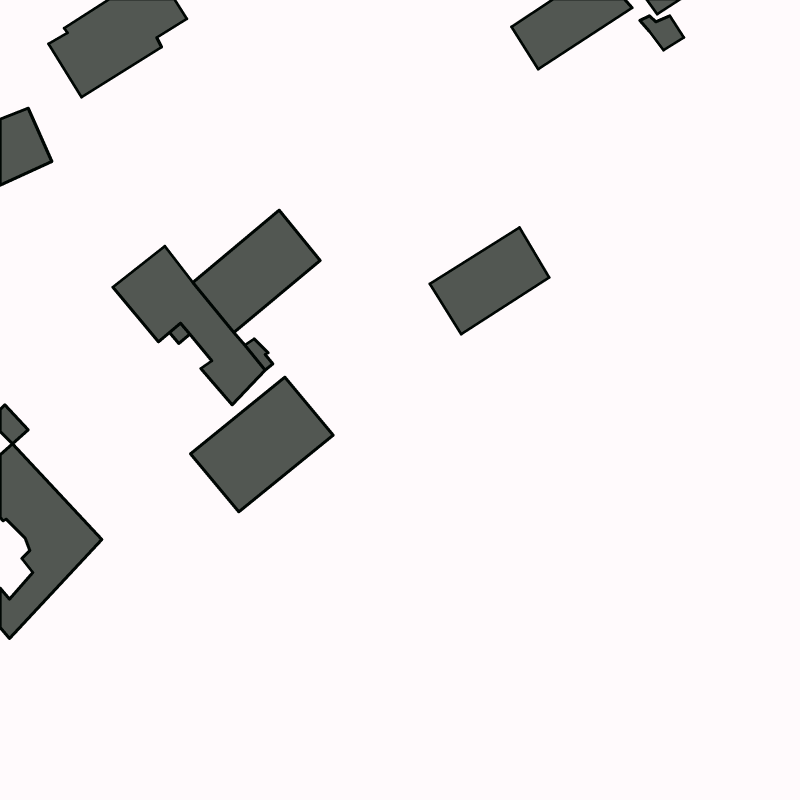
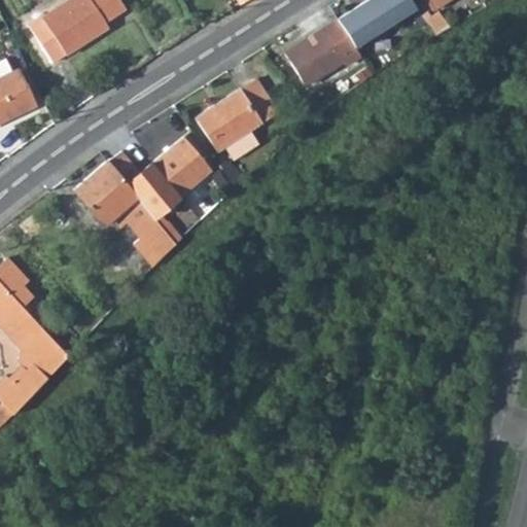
building: none -> [282,17,360,86]
building: [430,227,549,334] -> [199,80,277,150]
building: [190,377,333,512] -> none

